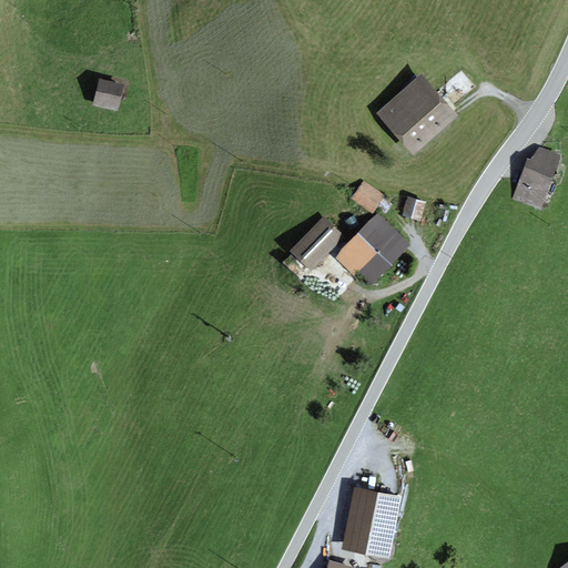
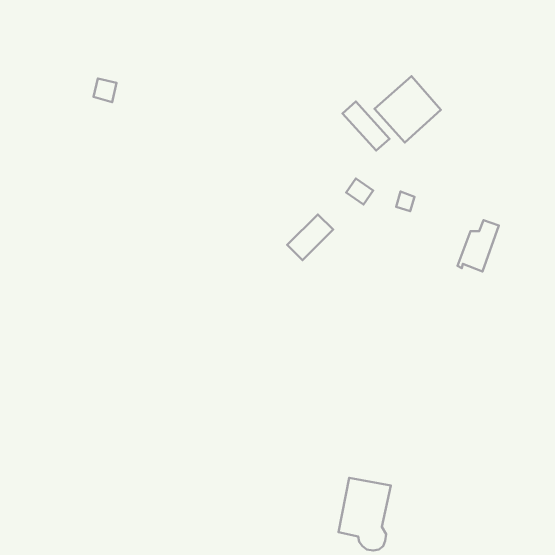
building: none -> [343,101,389,151]
building: [511,150,554,202] -> [458,220,499,271]
building: [336,215,404,278] -> none

